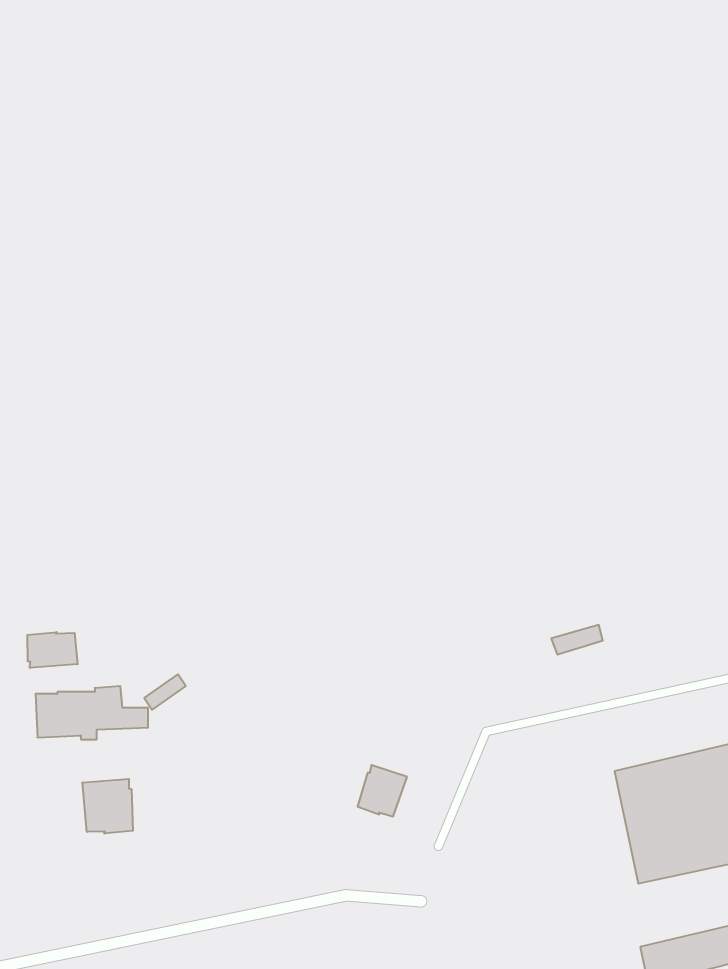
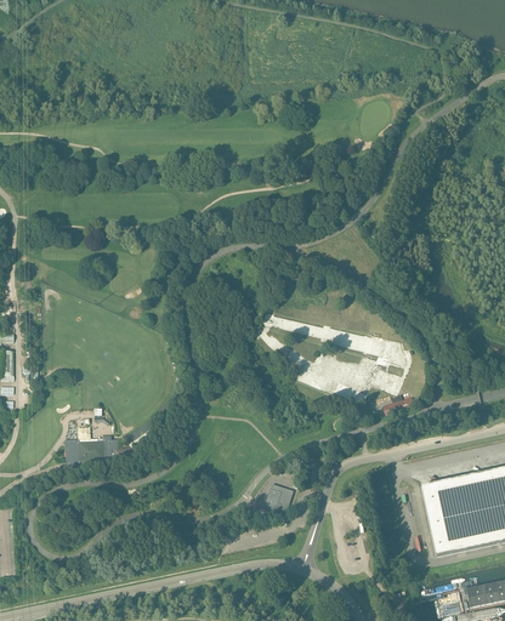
building: [27,632,78,668] -> none
building: [82,779,133,834] -> none

